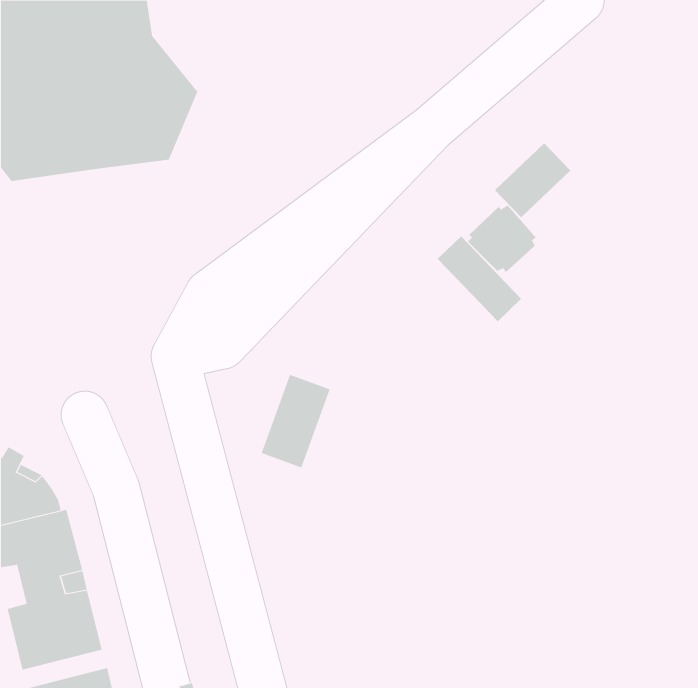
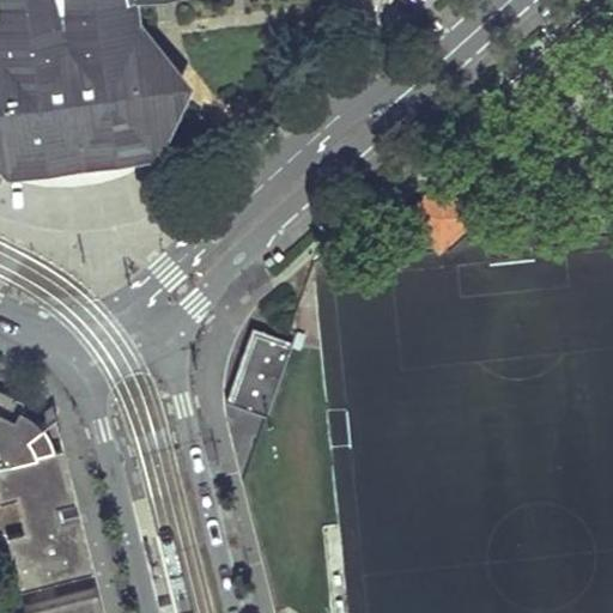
building: [494,143,571,218] -> none
building: [437,235,522,322] -> none

